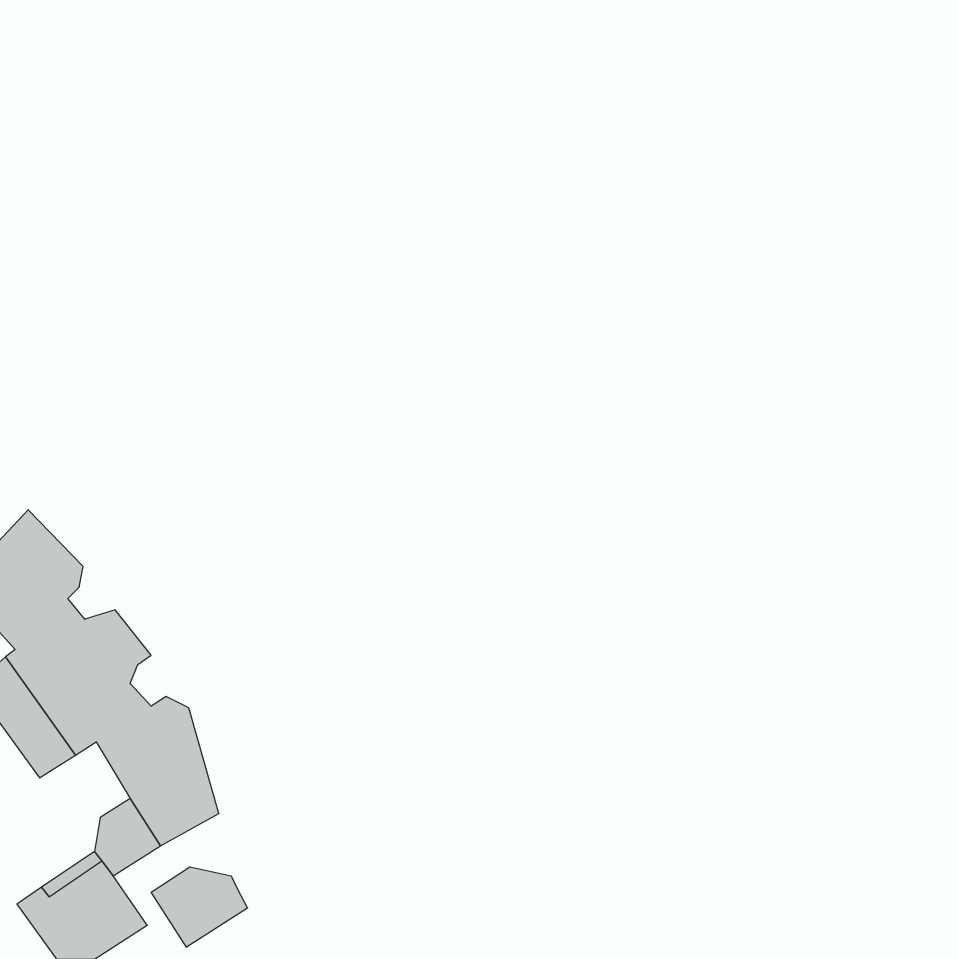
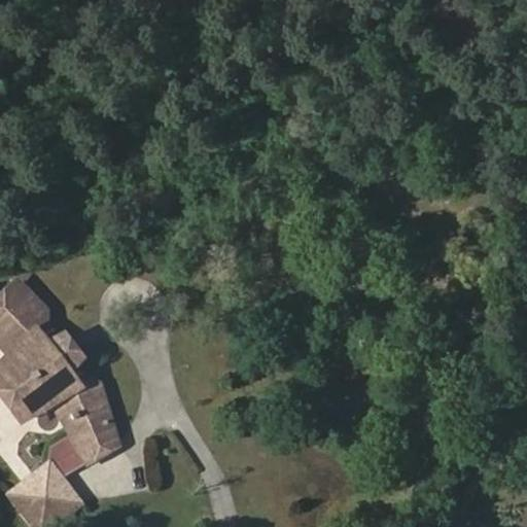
building: [151,867,248,947] -> none

